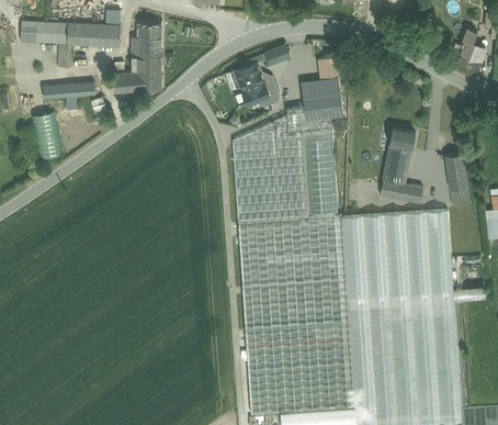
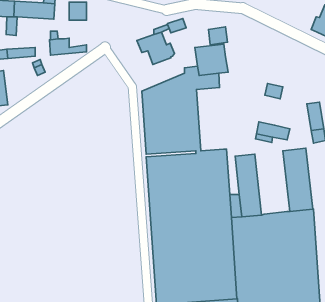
building: [133,37,161,82] -> none
building: [303,134,338,215] -> none
building: [383,144,410,182] -> none
building: [381,215,419,297] -> none

